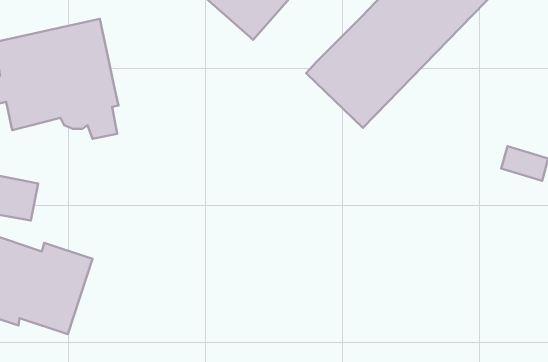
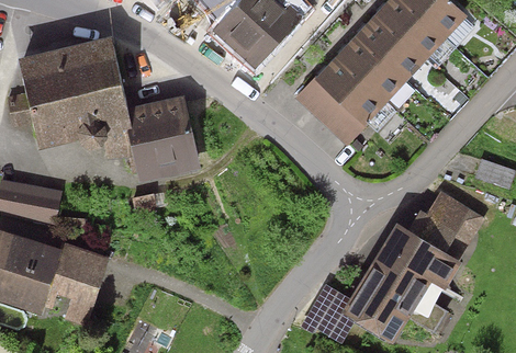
building: none -> [125,100,198,175]
building: none -> [339,190,485,341]

